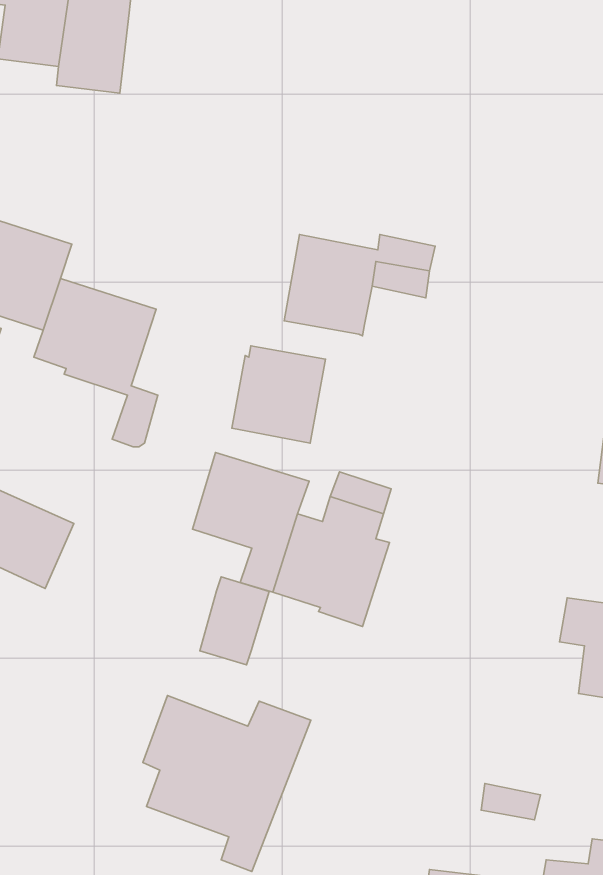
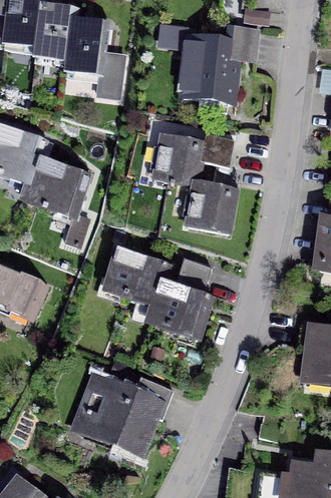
building: none -> [66,17,124,97]
building: none -> [161,25,258,111]
building: [232,346,325,443] -> [187,180,236,231]
building: [200,577,269,665] -> none

